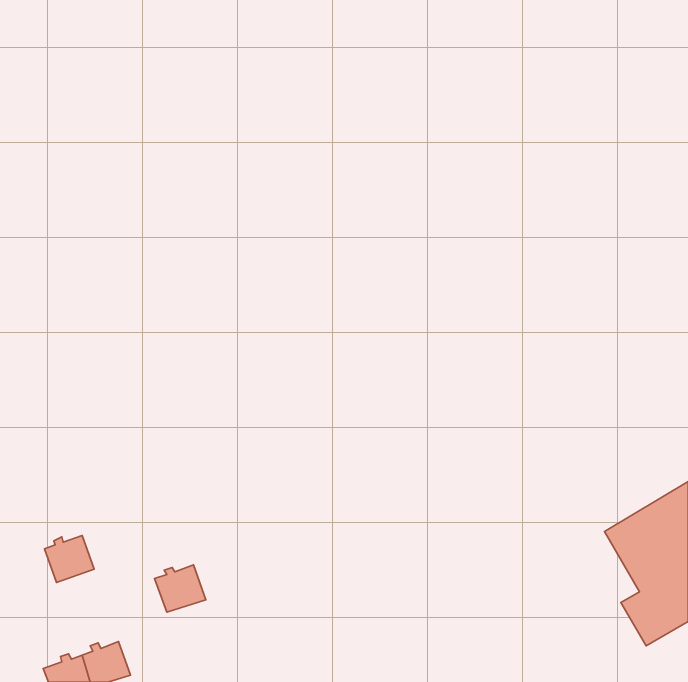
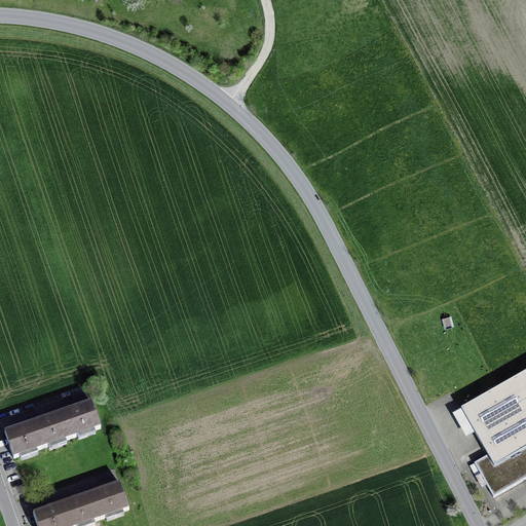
building: none -> [63,399,101,435]
building: none -> [5,418,43,455]
building: [155,565,206,612] -> [90,480,129,516]

